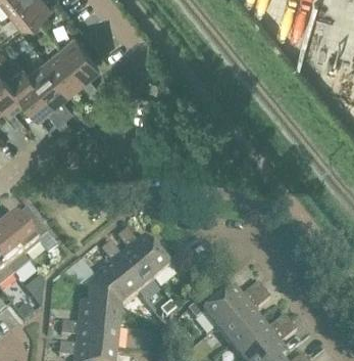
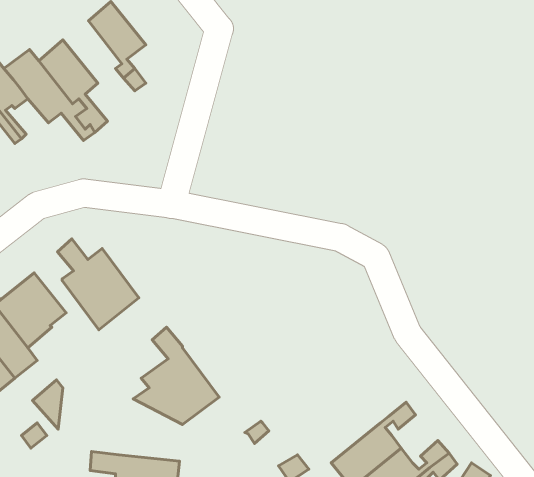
building: [45,49,83,89] -> none
building: [118,232,170,290] -> [57,239,139,330]
building: [189,286,264,332] -> none
building: [81,291,121,331] -> none

